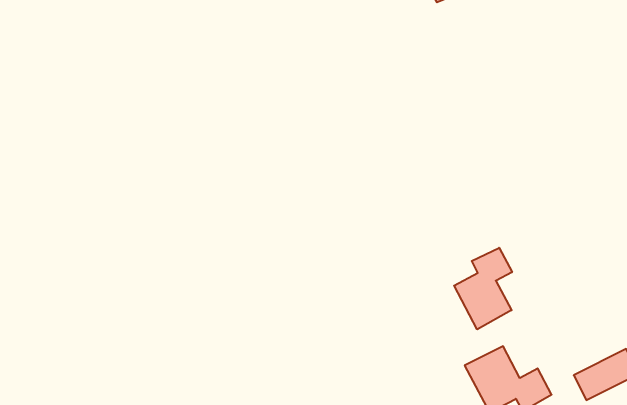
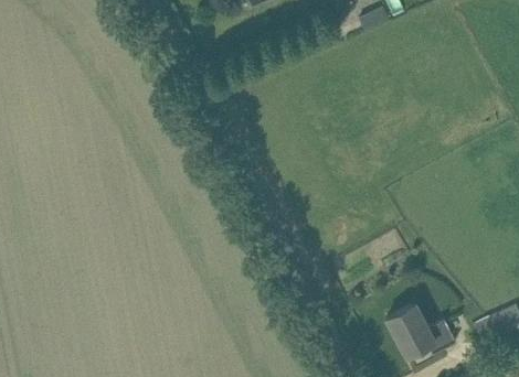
building: [454,248,512,329] -> none

